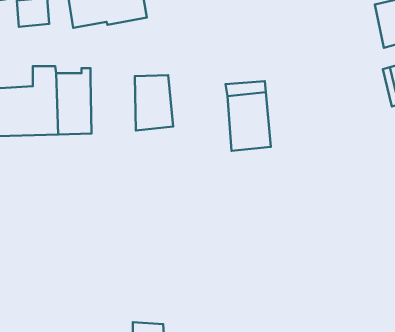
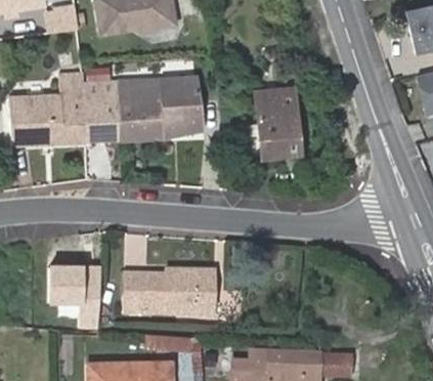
building: none -> [119,83,165,141]
building: none -> [48,265,102,327]
building: none -> [123,267,214,311]

